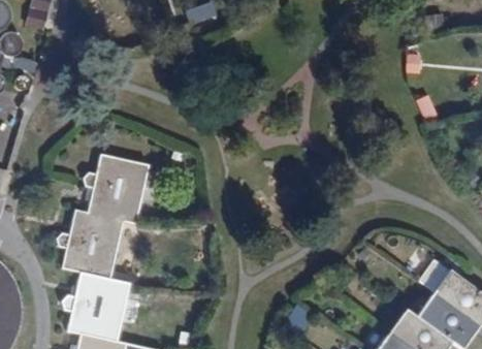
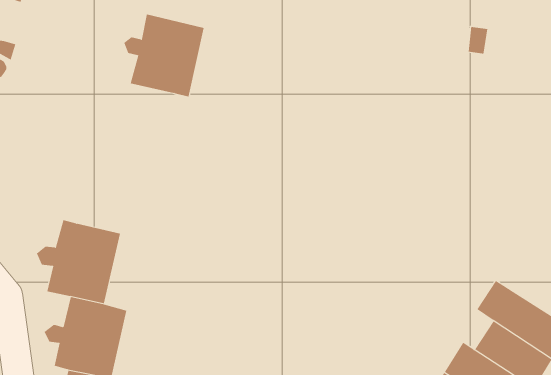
building: [82,156,148,224] -> [124,14,204,97]

